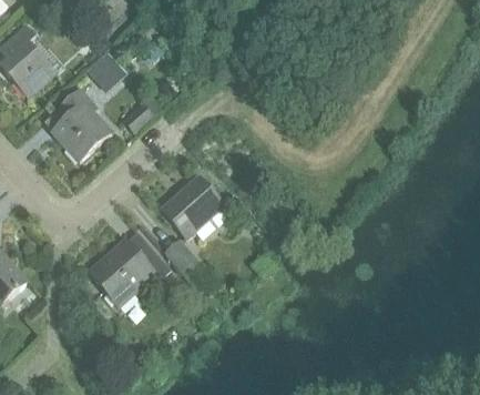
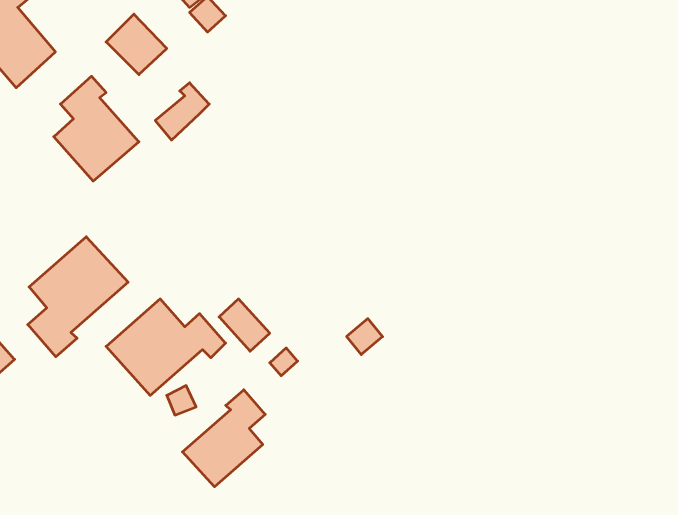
building: [161,174,224,237] -> none
building: none -> [28,237,128,357]
building: none -> [182,390,265,487]

